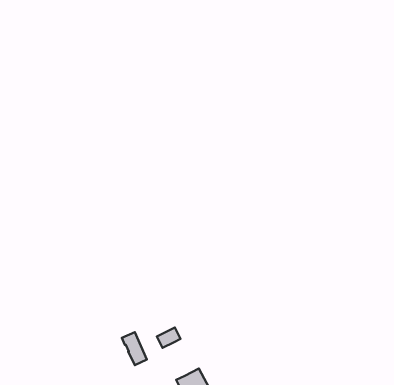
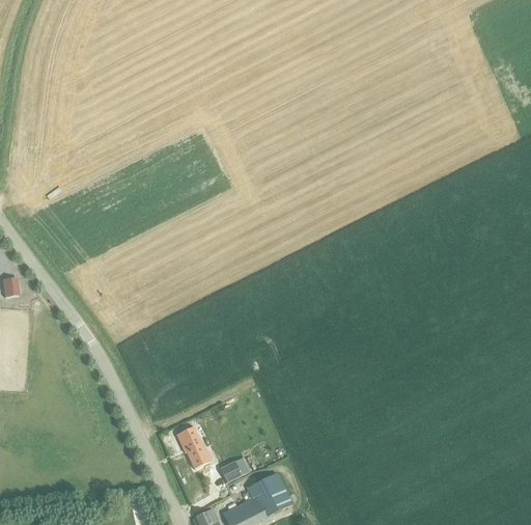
building: [157,328,180,348] -> [220,457,250,482]

